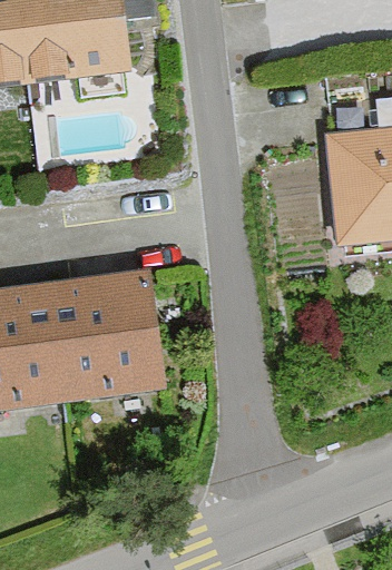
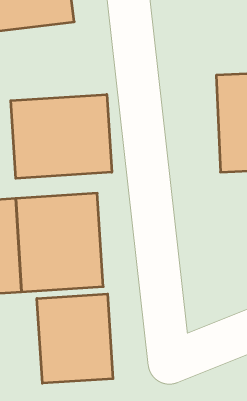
building: none -> [11,94,112,178]
building: none -> [37,294,113,383]

